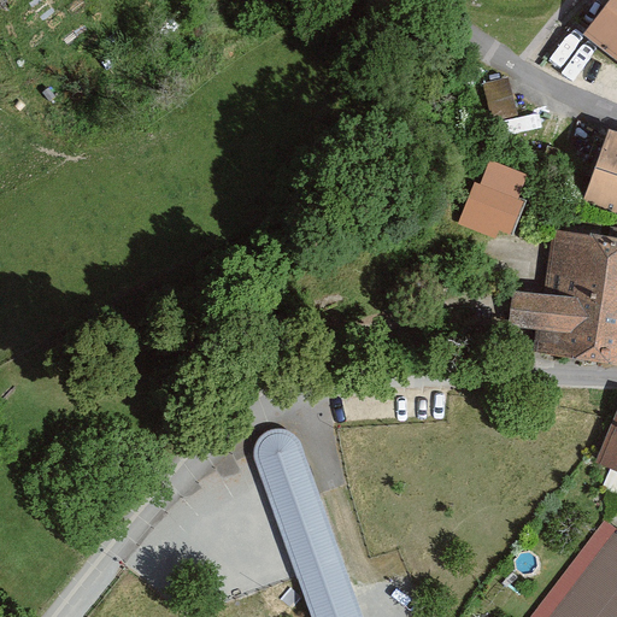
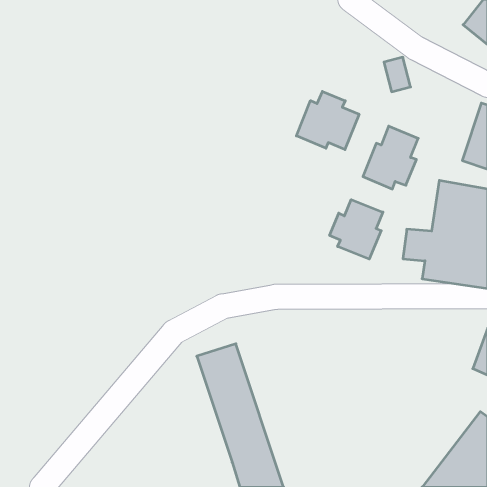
building: none -> [296,91,359,150]
building: none -> [330,200,383,259]

